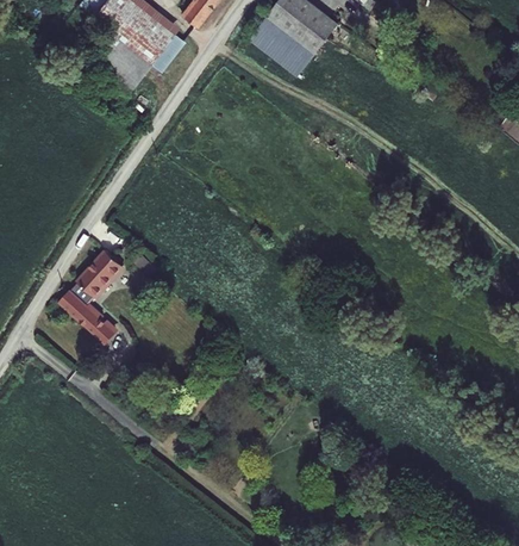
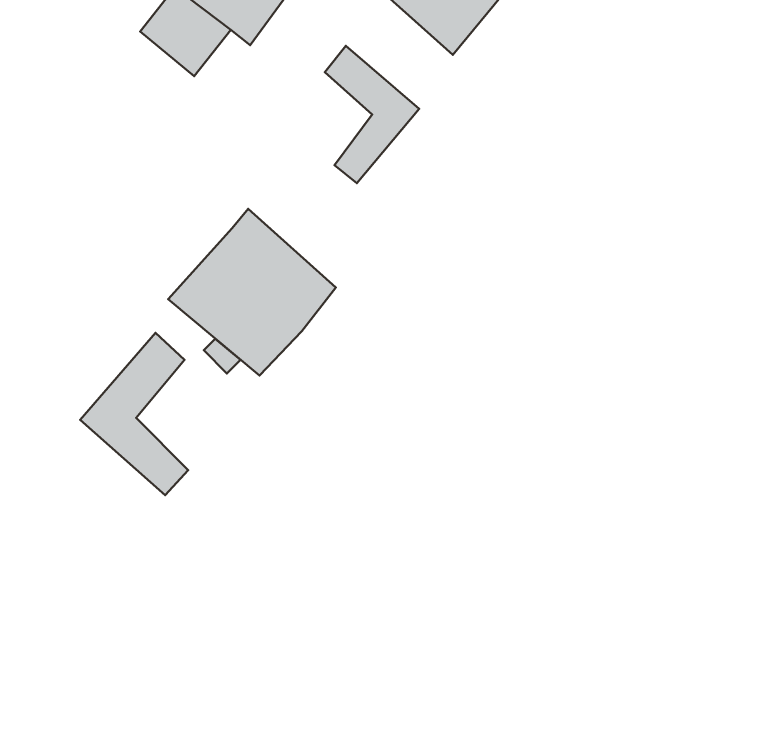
building: none -> [325,46,419,183]
building: none -> [168,209,336,376]

